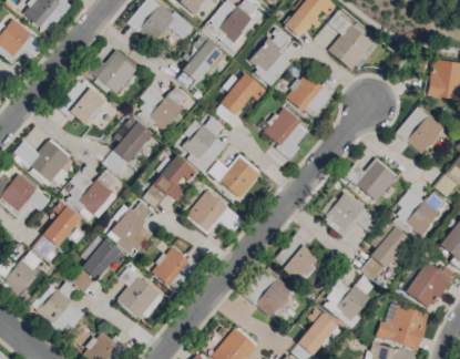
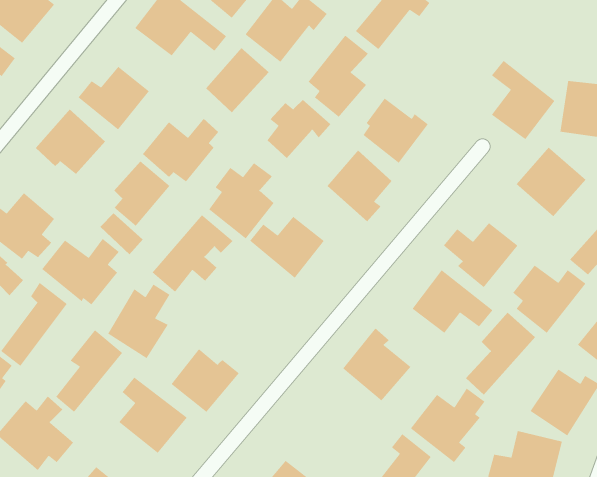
building: [328,13,374,70] -> [491,60,556,140]
building: [187,191,244,234] -> none
building: [244,269,298,318] -> none

